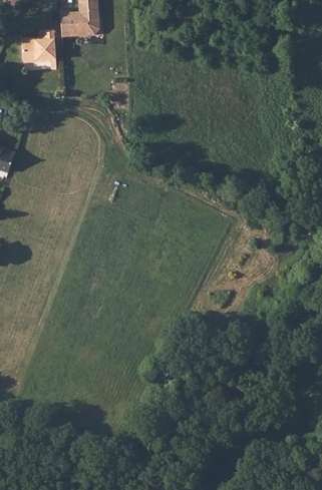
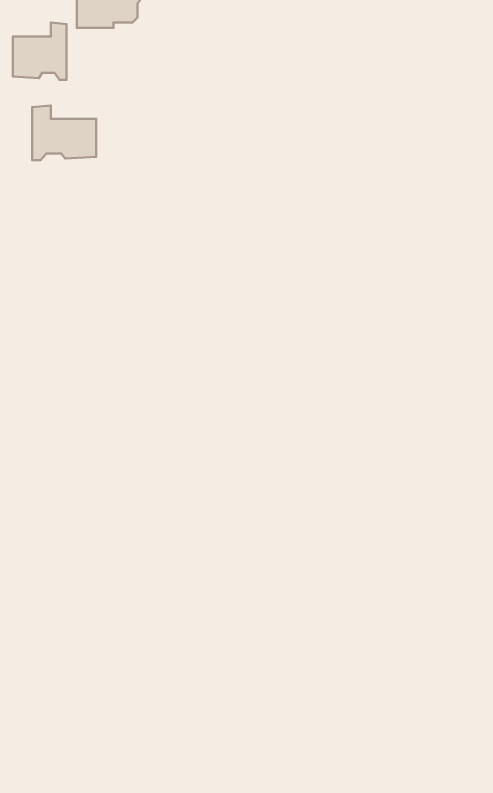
building: none -> [32,106,96,160]

